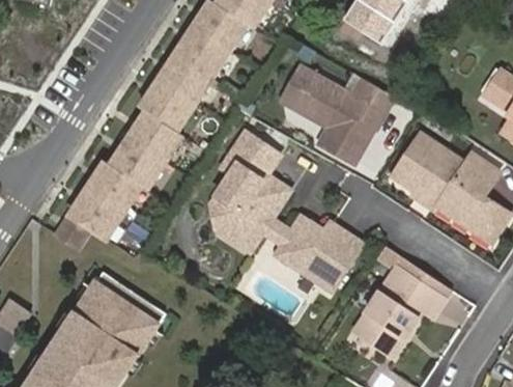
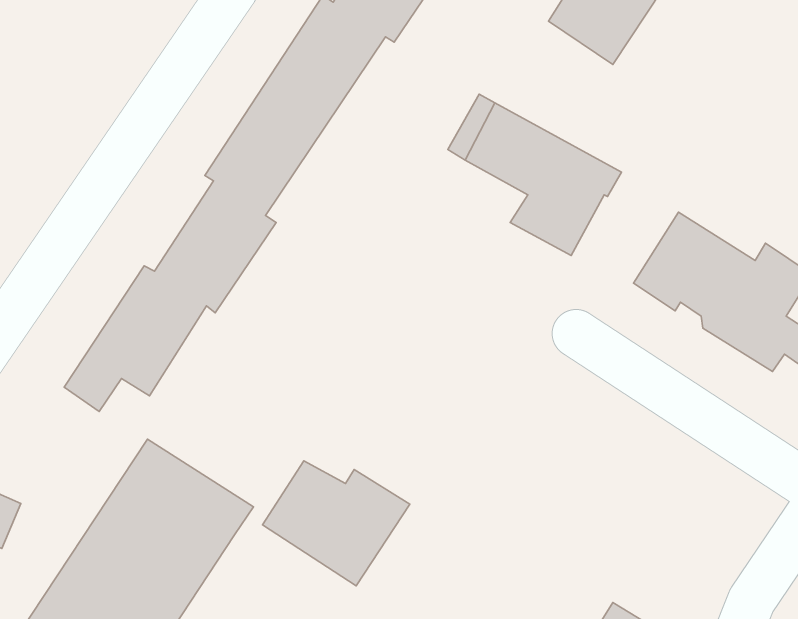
building: [211,133,289,257] -> none
building: [273,217,361,292] -> [262,461,410,586]
building: [355,262,446,354] -> none

